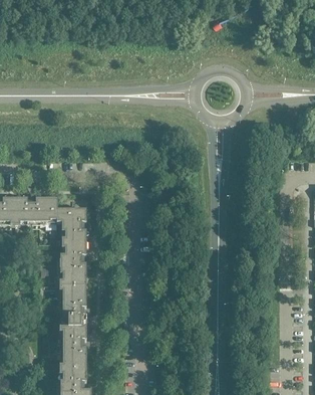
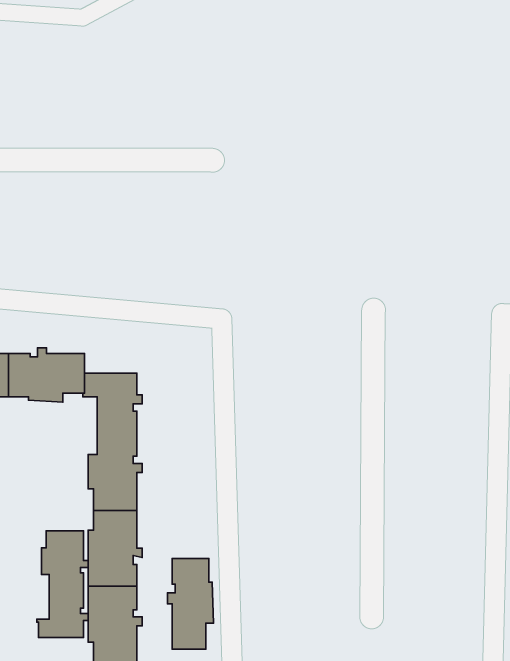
building: none -> [37,531,88,637]
building: none -> [167,558,214,649]

